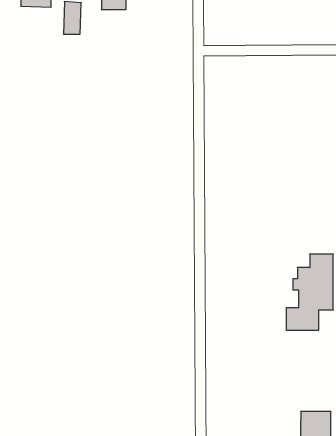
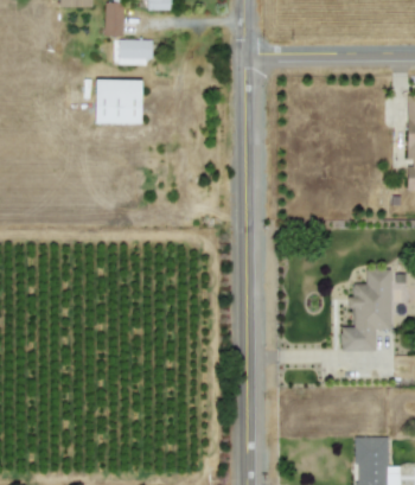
building: none -> [120,40,153,64]
building: none -> [96,81,142,123]

